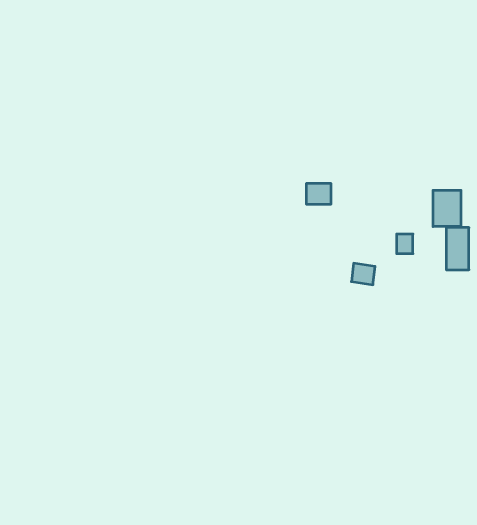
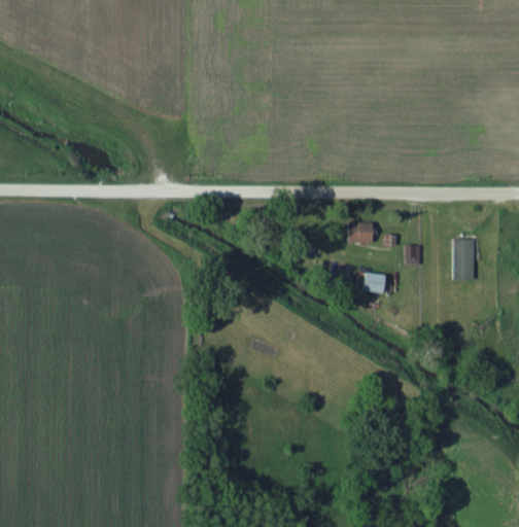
building: [306,184,331,204] -> [348,222,372,242]
building: [433,190,461,227] -> none

